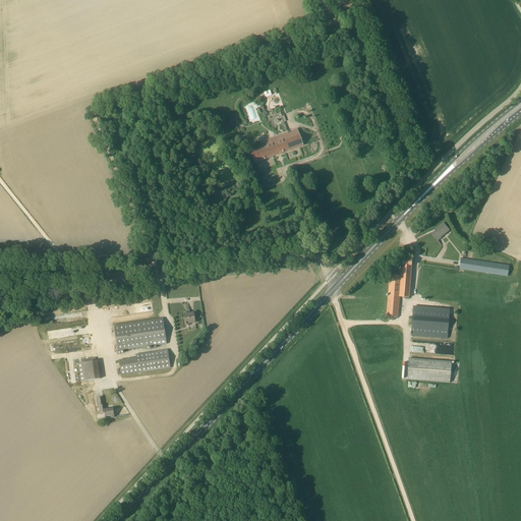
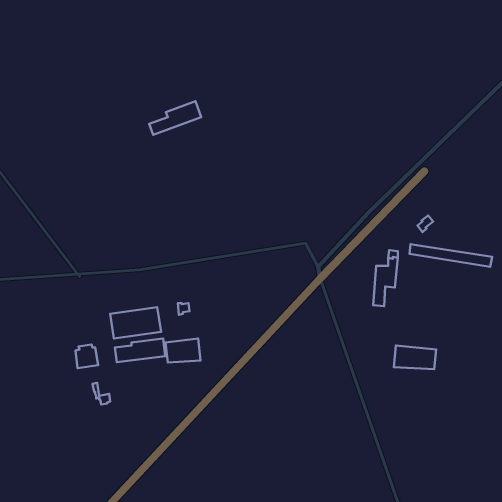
building: [250,128,304,163] -> [149,101,201,135]
building: [411,305,458,338] -> none
building: none -> [165,339,201,363]

